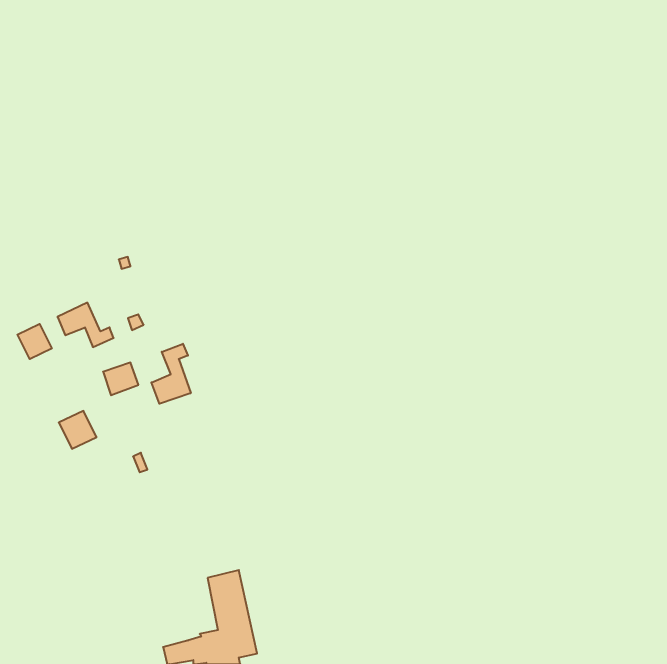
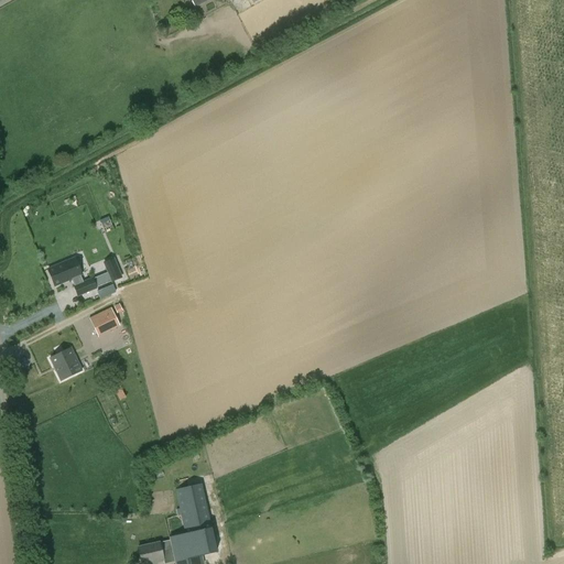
building: [17,324,52,359] -> none
building: [151,344,191,404] -> none

